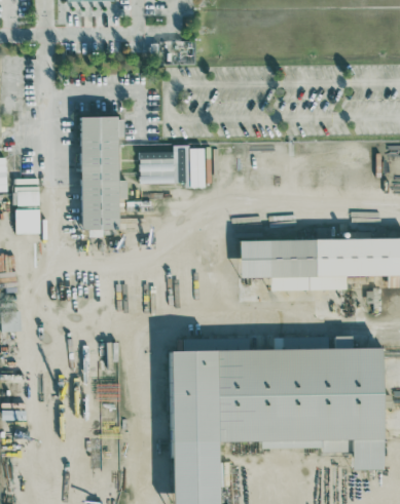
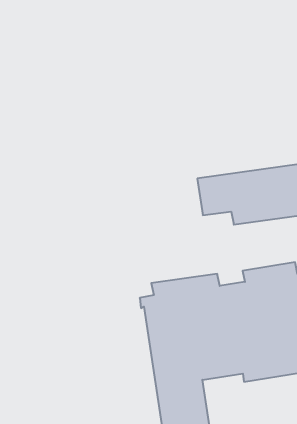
building: [81,117,126,238] -> none
building: [138,147,205,189] -> none

